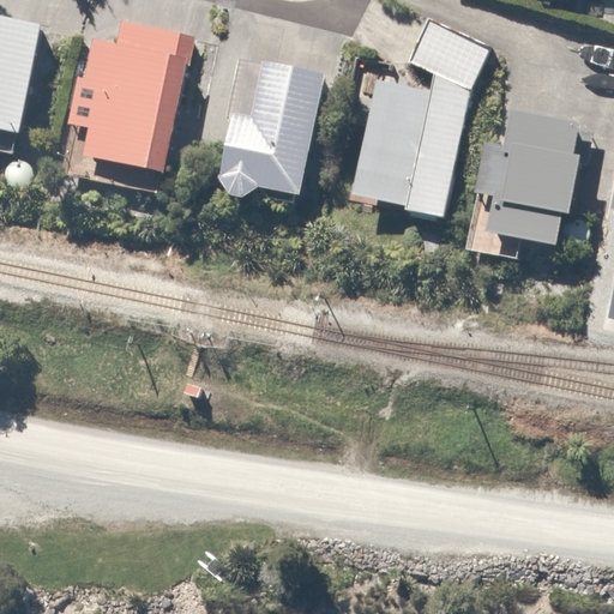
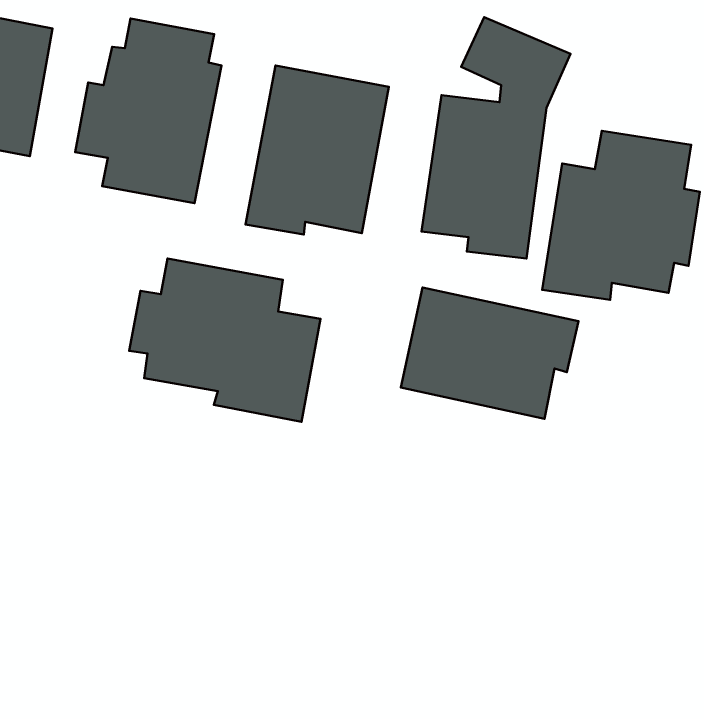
building: none -> [129,258,321,422]
building: none -> [401,288,579,419]

